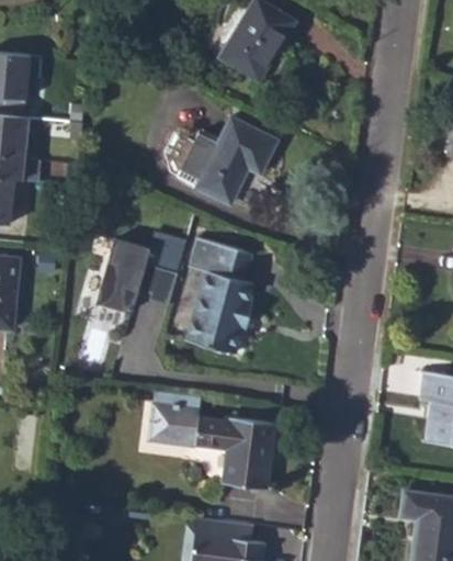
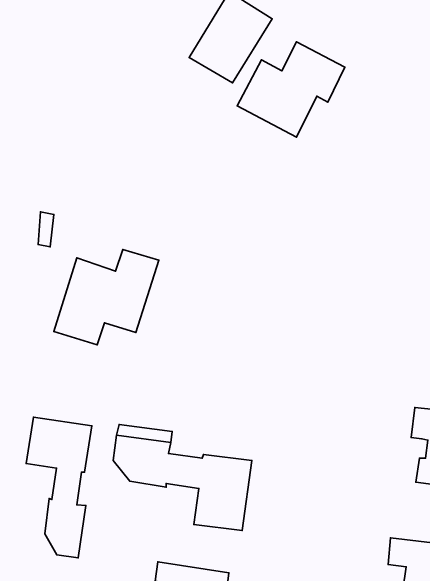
building: [177,117,274,204] -> [237,42,345,137]
building: [188,239,251,354] -> none
building: none -> [26,417,92,558]

